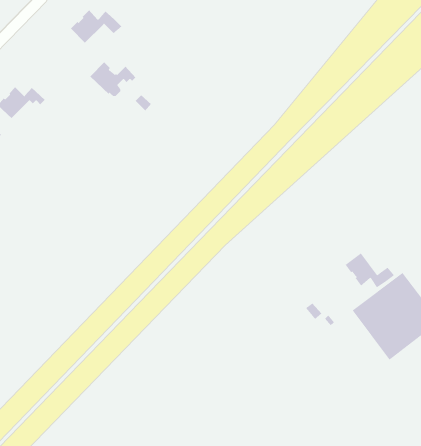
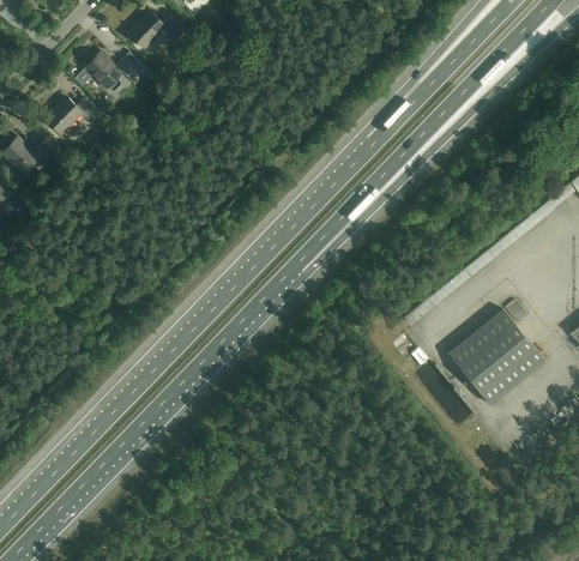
building: [89,61,136,97] -> [85,53,138,92]
building: [345,253,395,288] -> none

